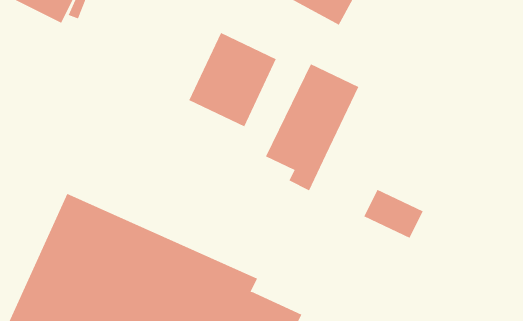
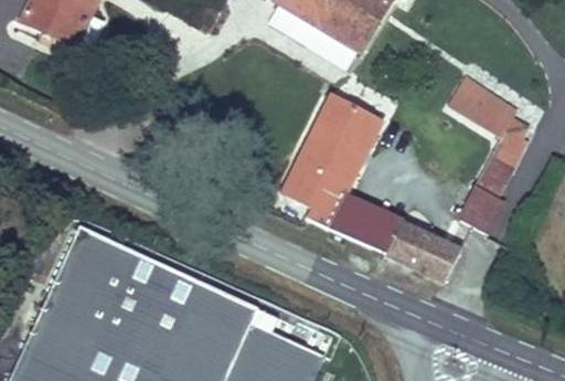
building: [189,32,277,127] -> none
building: none -> [449,78,526,225]
building: none -> [332,191,406,255]

